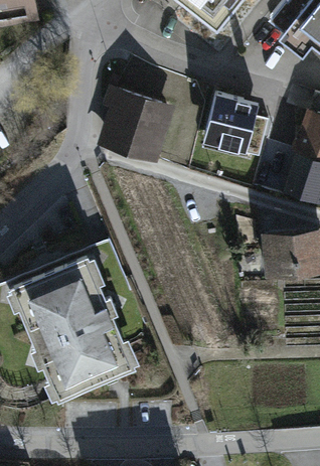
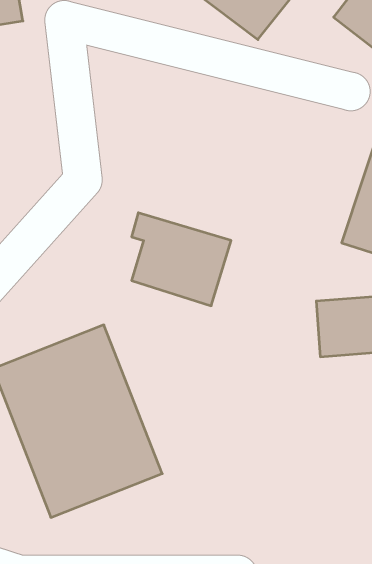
building: [102,89,177,159] -> [132,213,231,306]
building: [204,95,259,153] -> none

